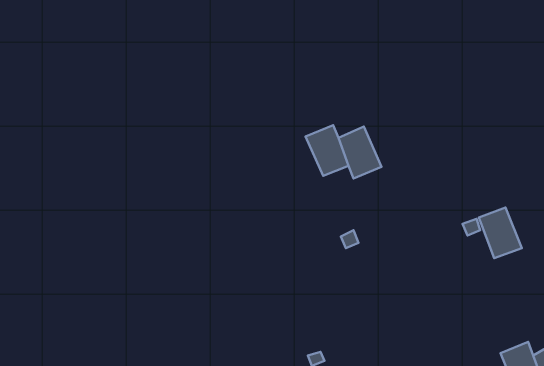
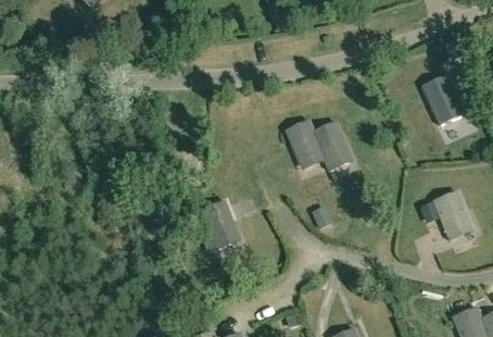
building: none -> [422,75,463,125]
building: none -> [202,200,238,245]

